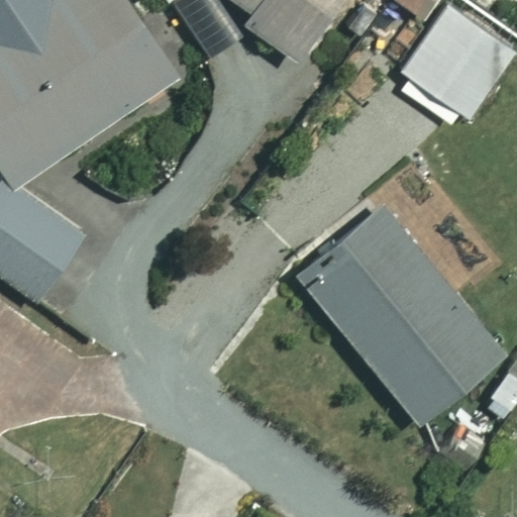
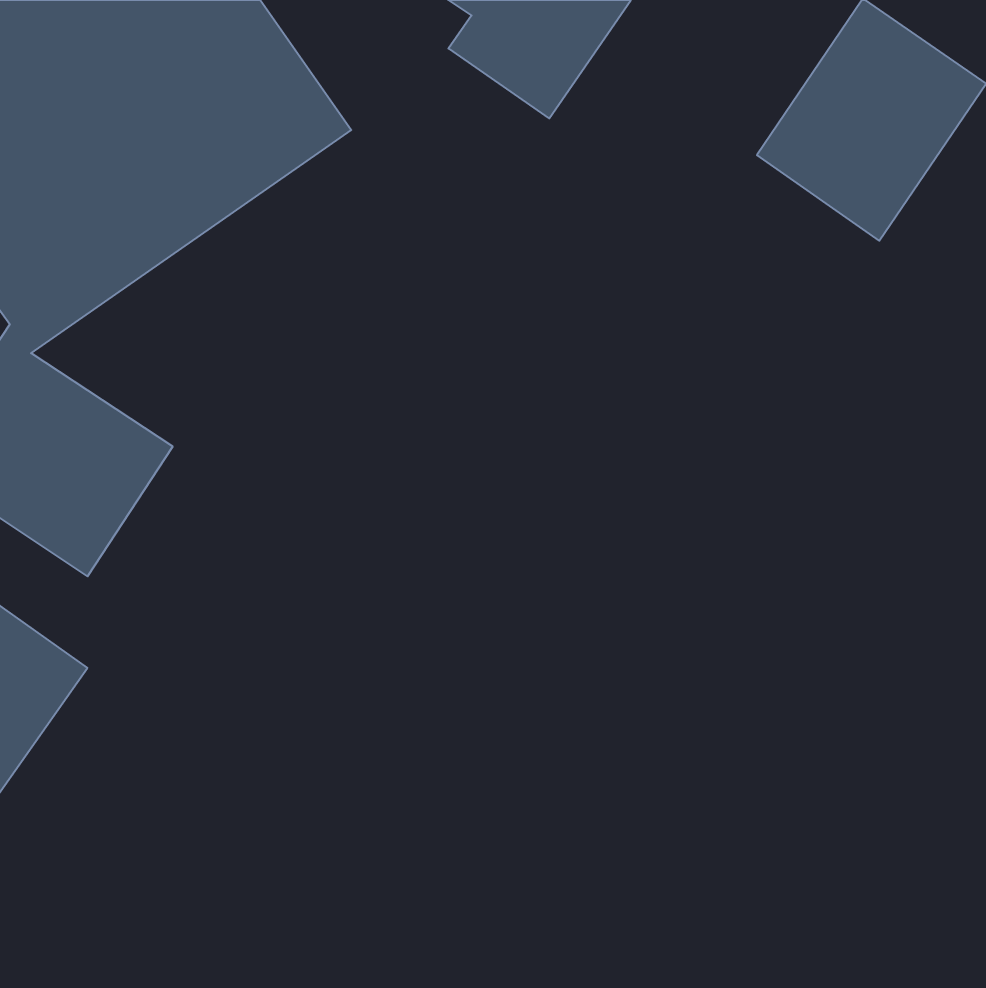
building: [297,206,501,421] -> none

